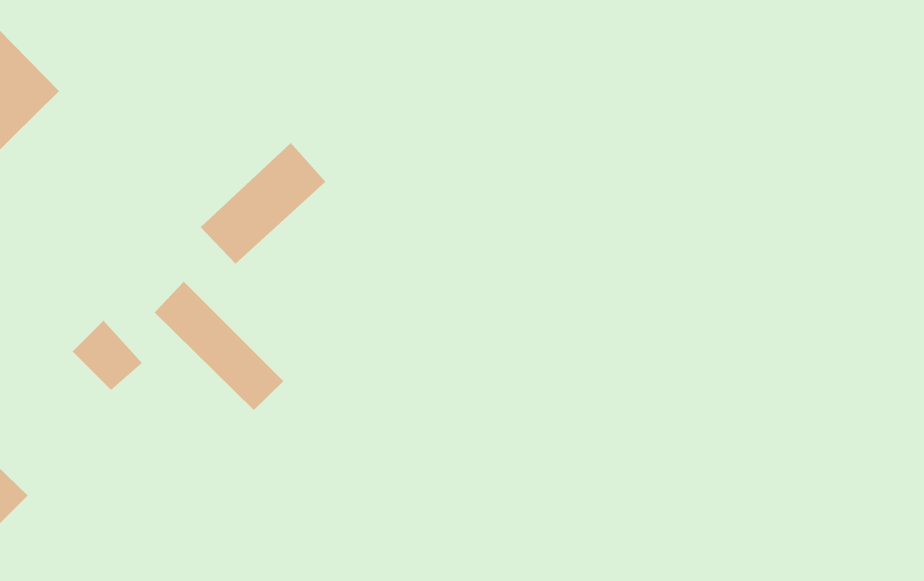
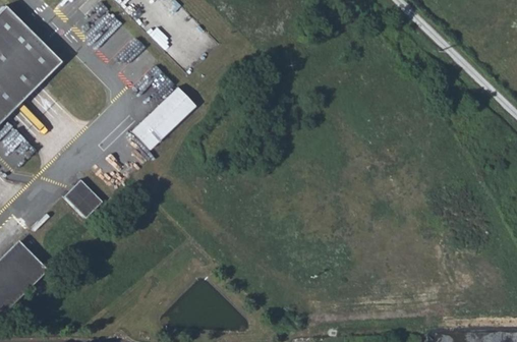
building: [154,281,284,411] -> none

